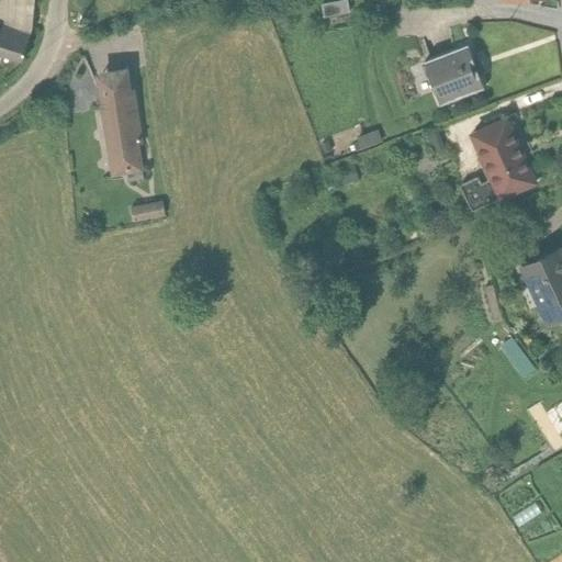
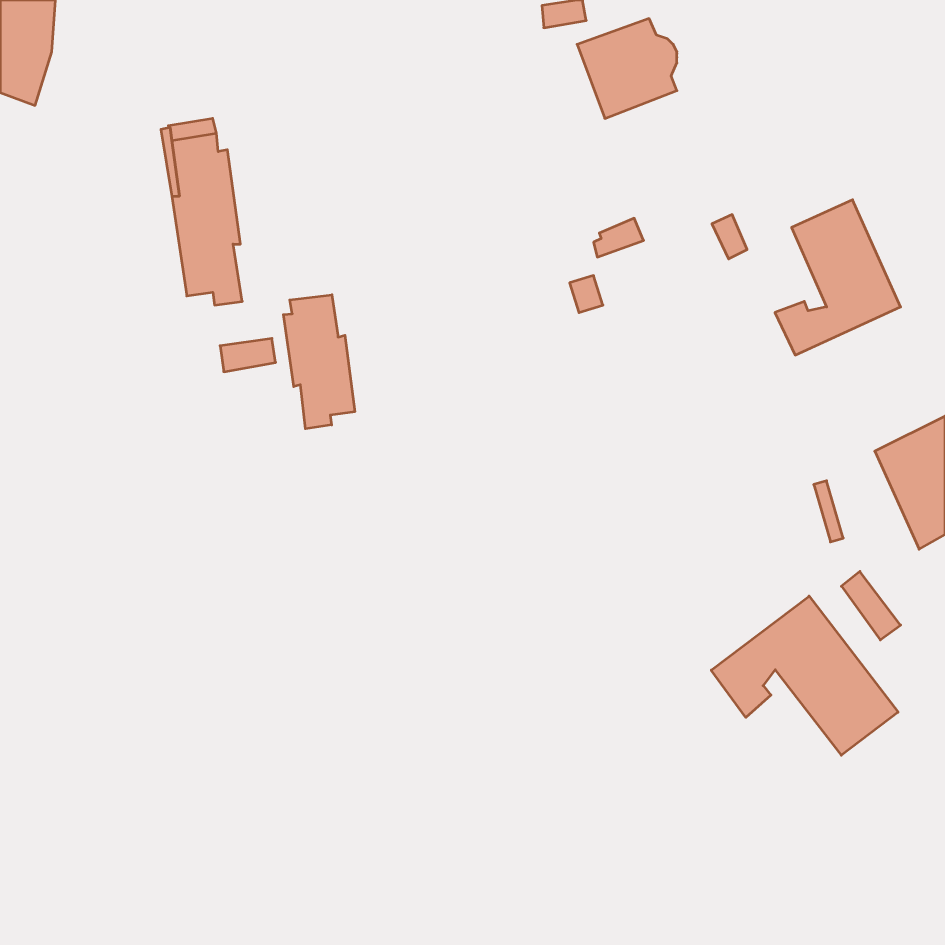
building: [424,45,483,104] -> [577,19,677,118]
building: none -> [283,295,355,429]
building: none -> [711,596,898,755]

